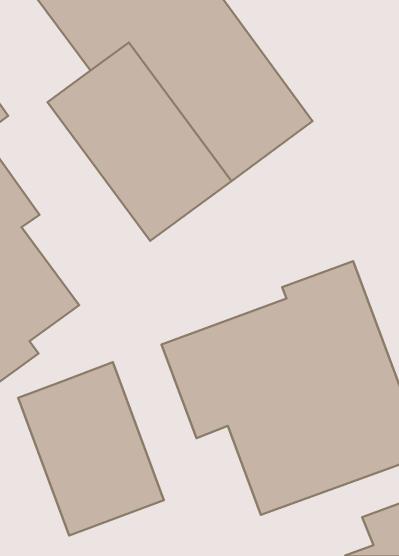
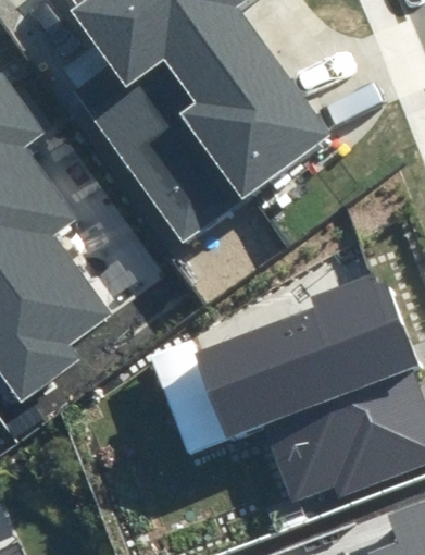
building: [18,362,164,535] -> none

